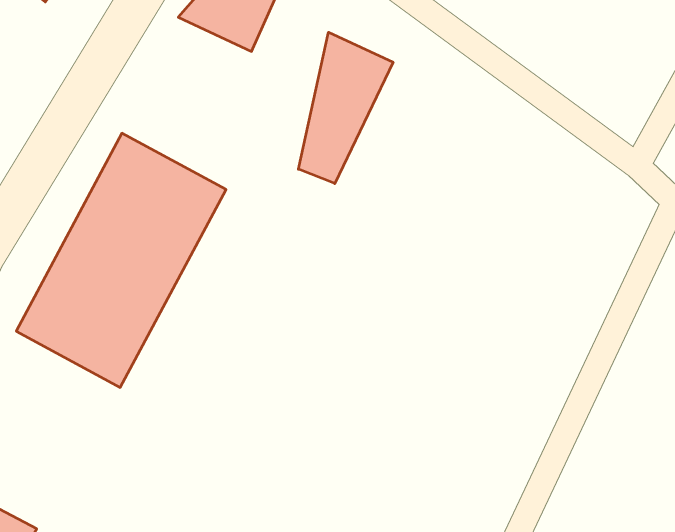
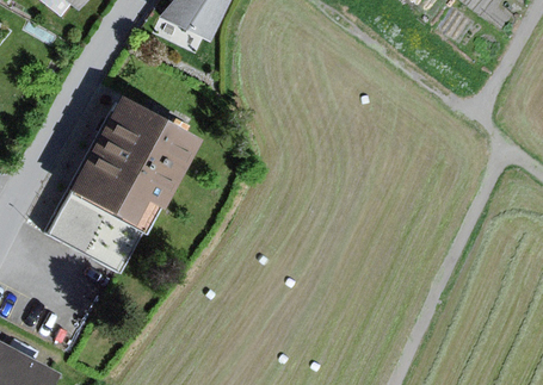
building: [298,32,393,184] -> none

